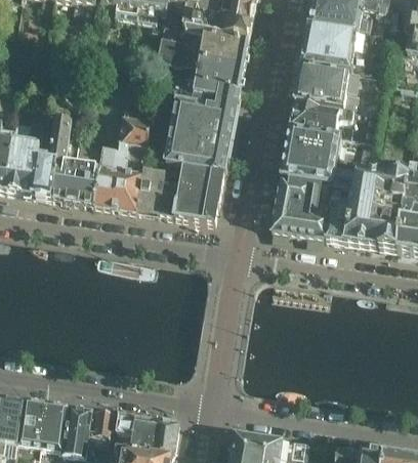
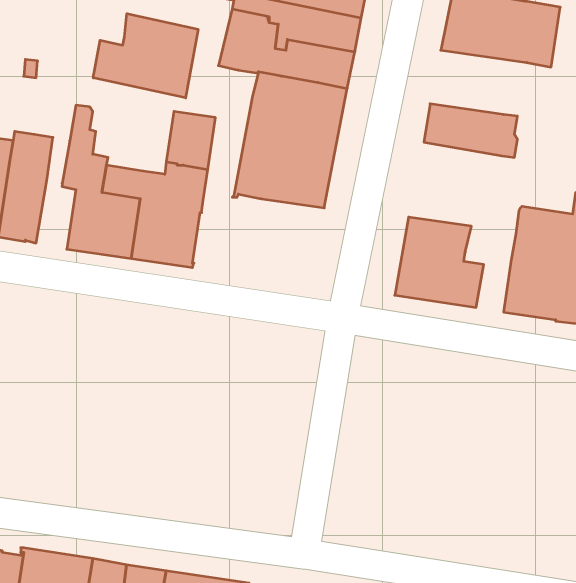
building: none -> [93,14,198,98]
building: [294,66,359,109] -> none
building: [280,127,353,188] -> none
building: [31,153,57,199] -> none
building: [135,165,223,222] -> none
building: [325,196,348,241] -> none

